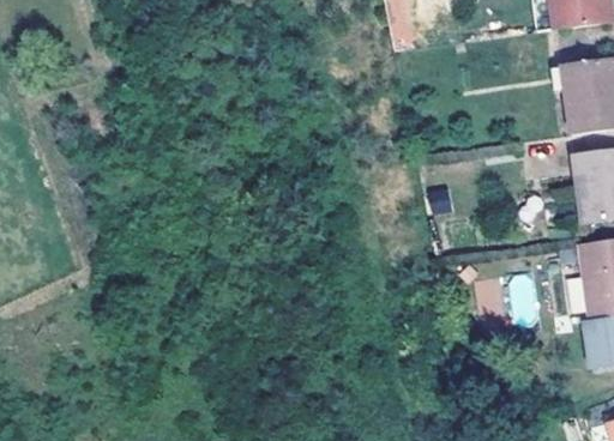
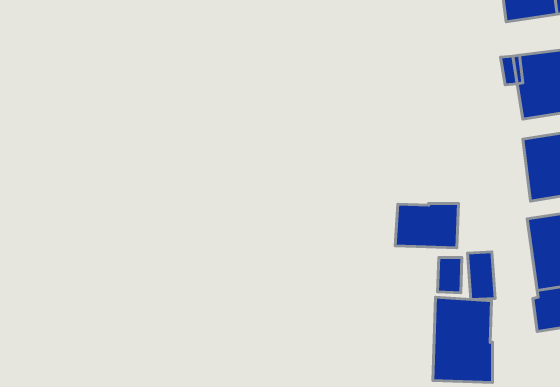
building: none -> [395,203,458,248]
building: none -> [433,297,493,382]

